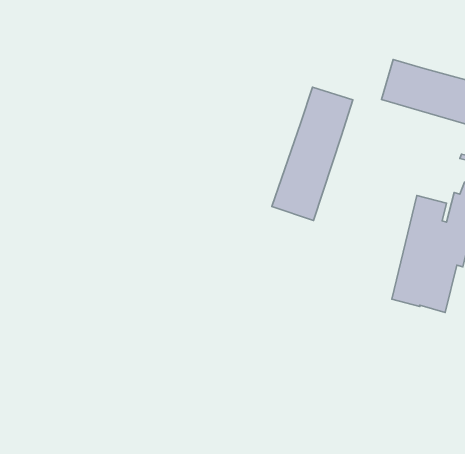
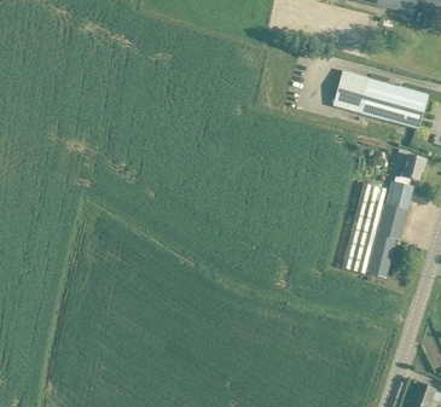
building: [272,87,353,220] -> none

